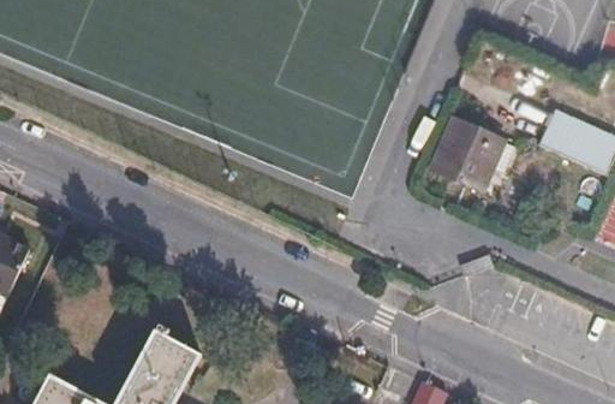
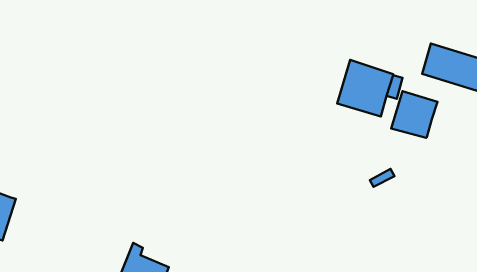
building: none -> [391,91,437,138]

